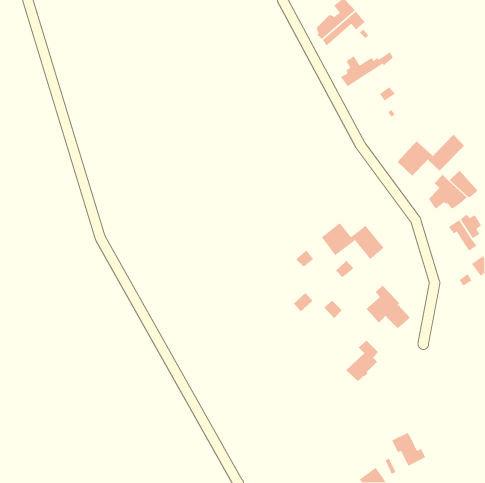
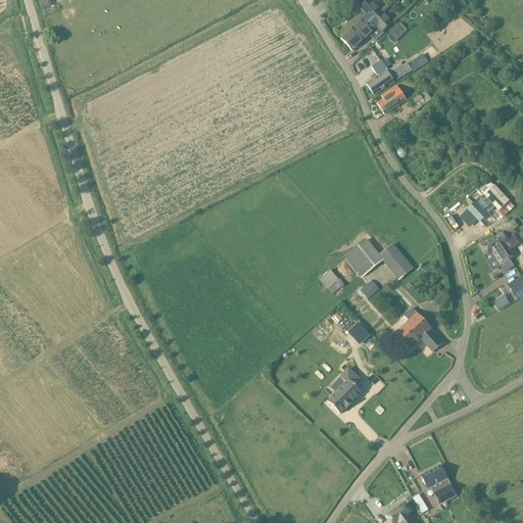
building: none -> [376,85,406,113]
building: [397,134,465,176] -> none
building: [346,340,379,382] -> [328,365,364,410]

